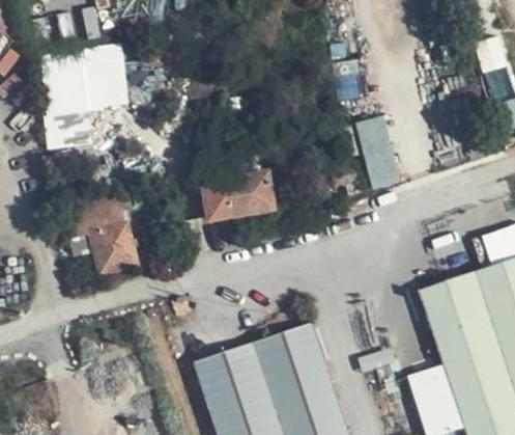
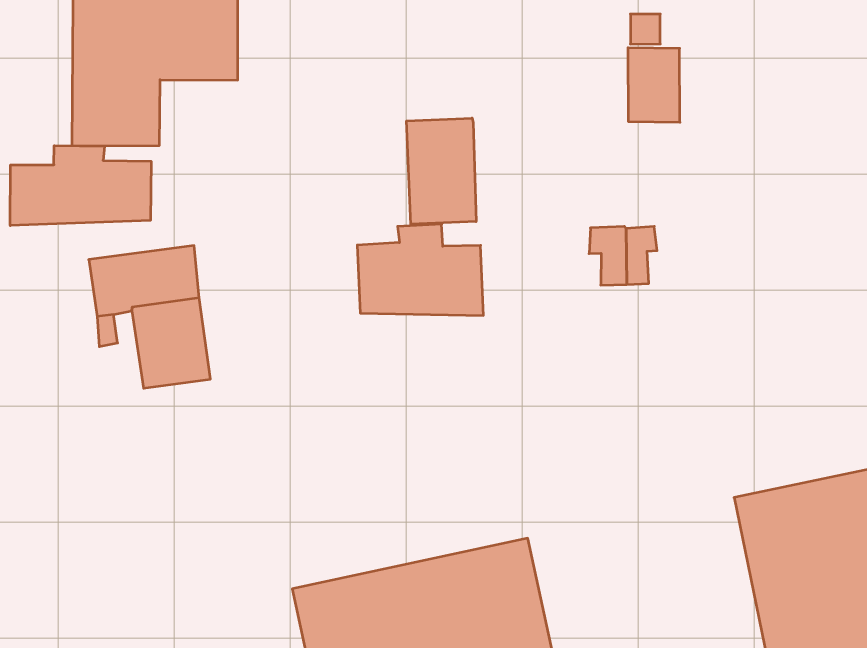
building: none -> [407,118,476,224]
building: [355,117,401,191] -> none
building: none -> [10,146,151,226]

